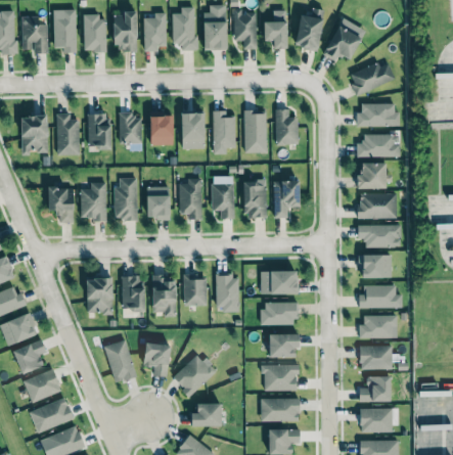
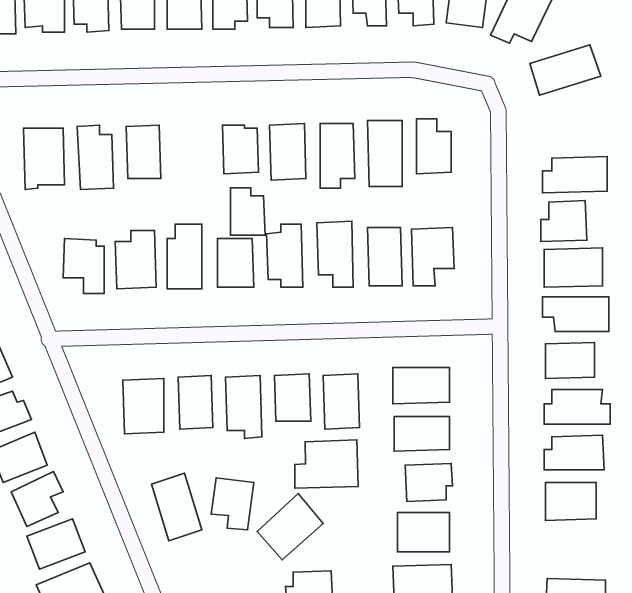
building: [357,103,401,127] -> none
building: [120,112,142,143] -> [230,188,265,235]
building: none -> [295,440,358,488]
building: [359,376,391,402] -> none

